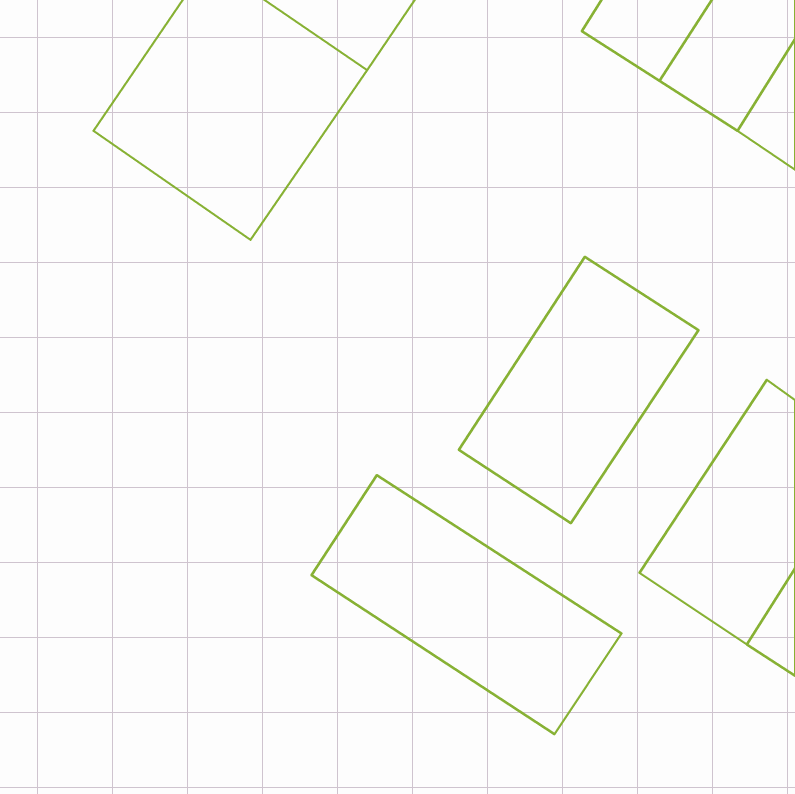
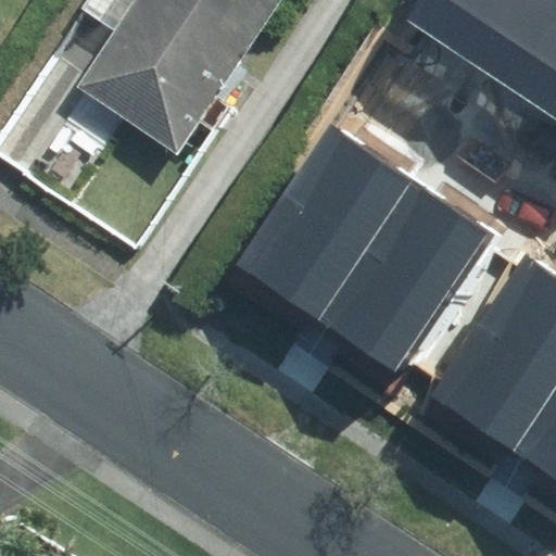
building: none -> [241,128,408,314]
building: [311,475,621,734] -> none

